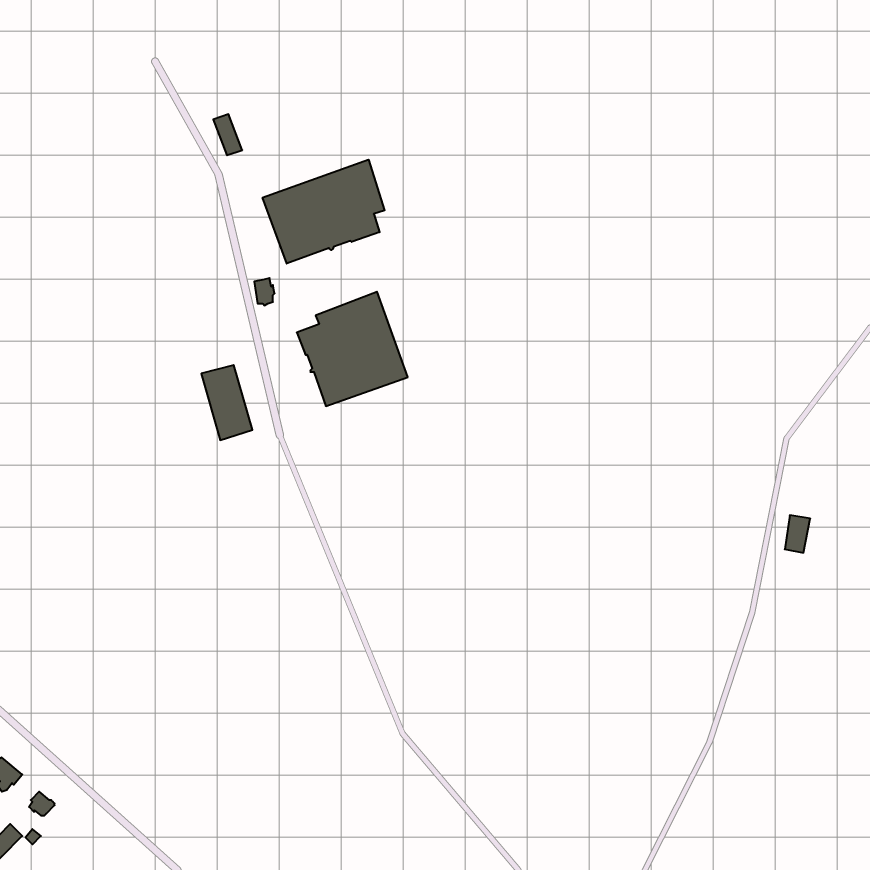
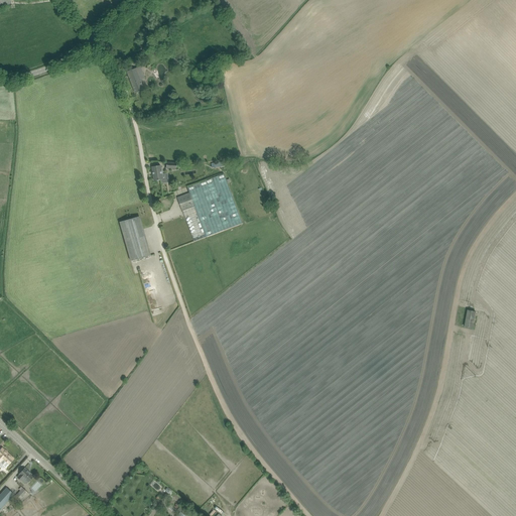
building: [263,160,385,264] -> none

